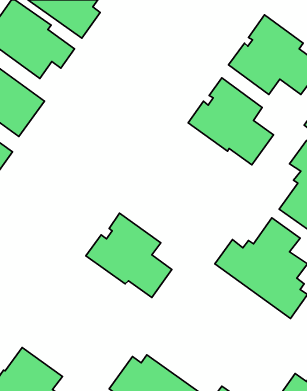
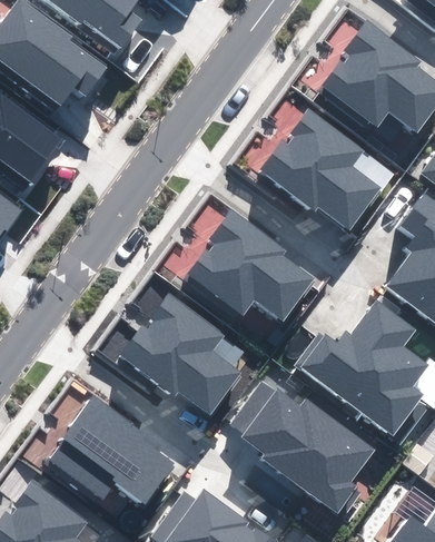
building: none -> [185,211,316,322]
building: none -> [230,382,374,516]
building: none -> [51,400,175,504]

